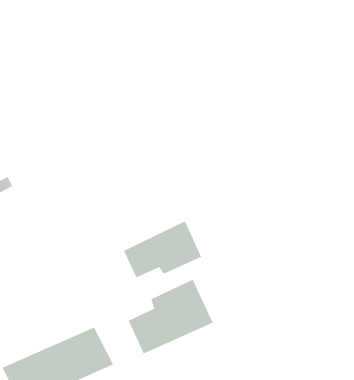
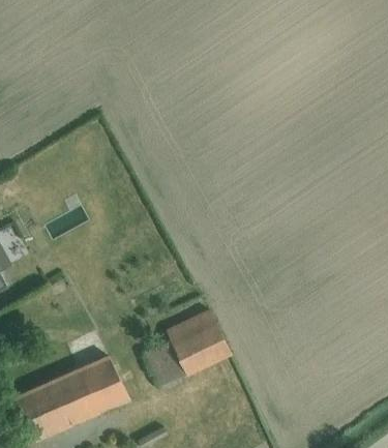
building: [123,221,202,278] -> none

